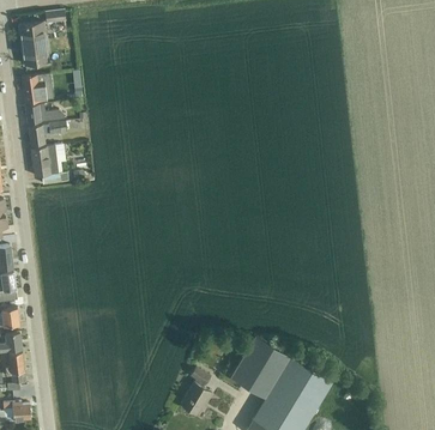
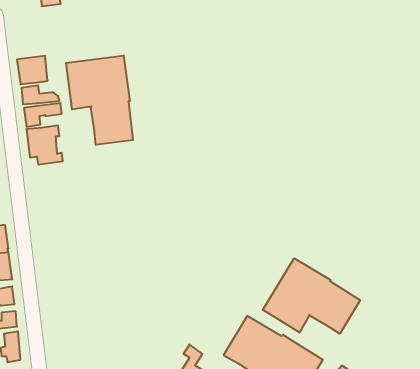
building: [18,23,47,65] -> none
building: none -> [66,55,133,145]
building: none -> [263,258,360,334]

